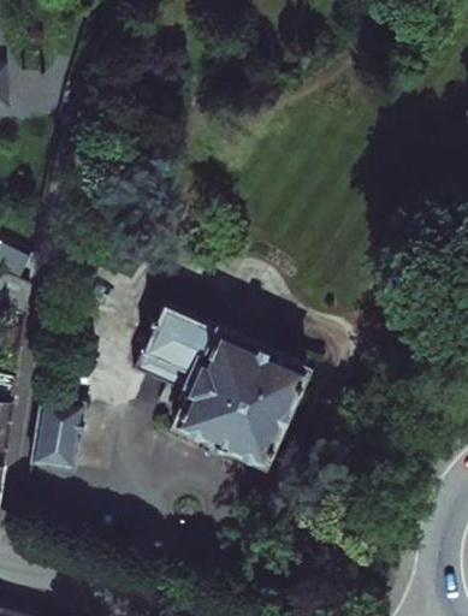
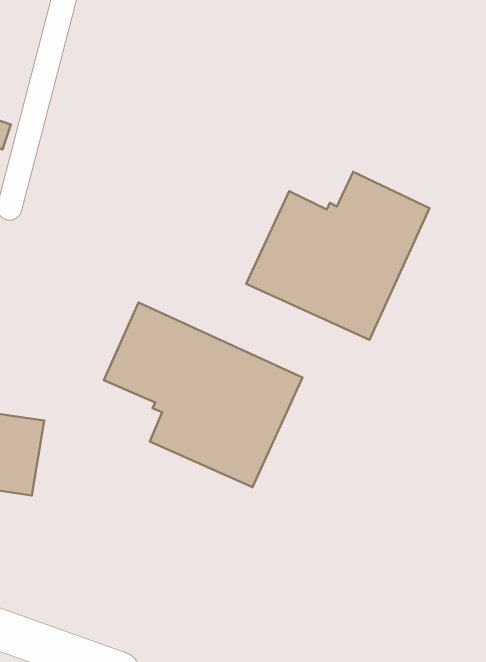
building: none -> [246,172,430,340]

